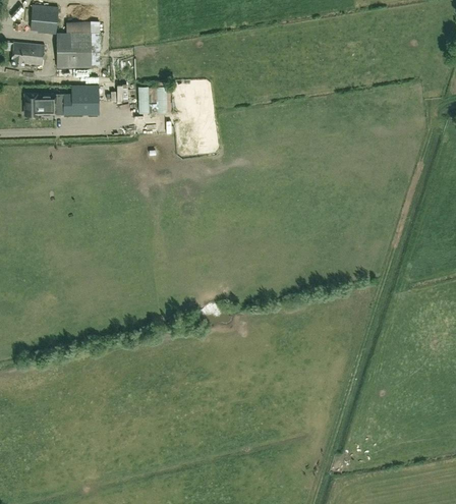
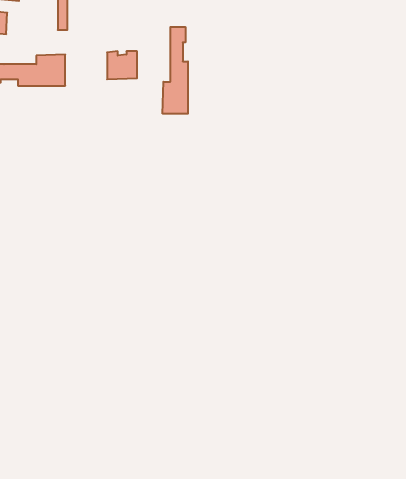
building: [55,38,87,68] -> none
building: none -> [163,27,188,114]

